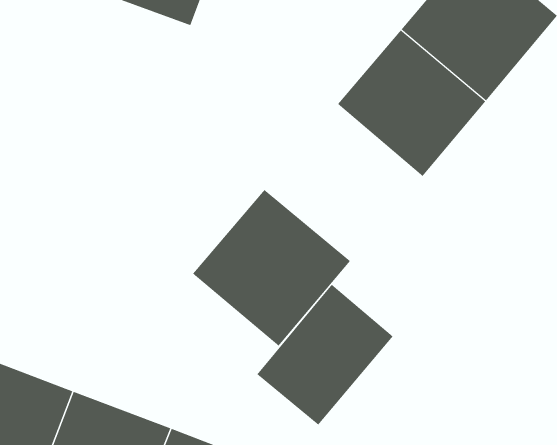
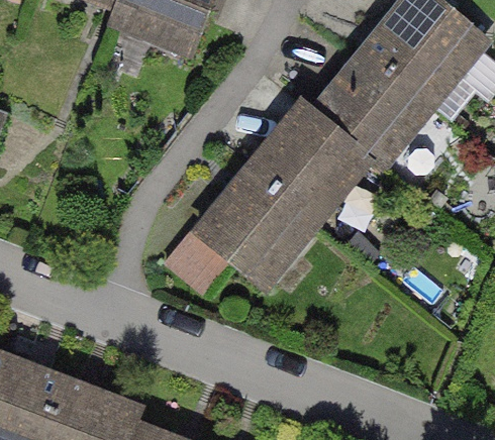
building: none -> [234,122,364,250]
building: [257,284,394,426] -> none

